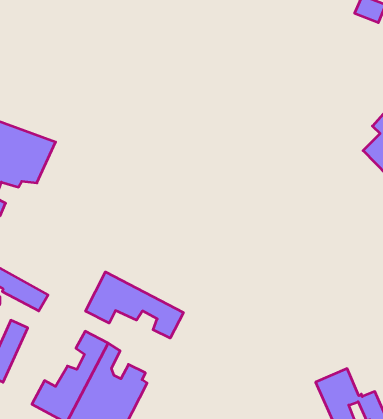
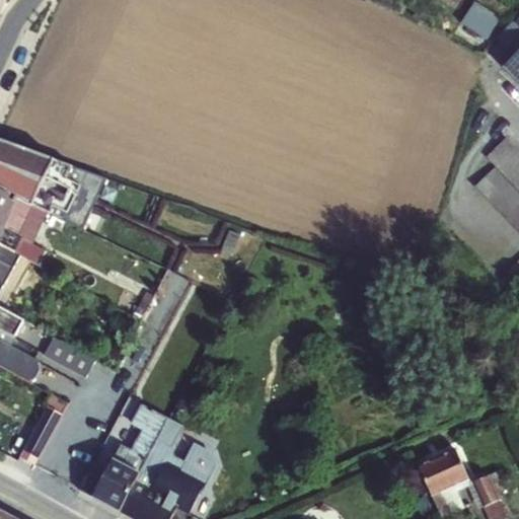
building: [86,272,183,338] -> none

